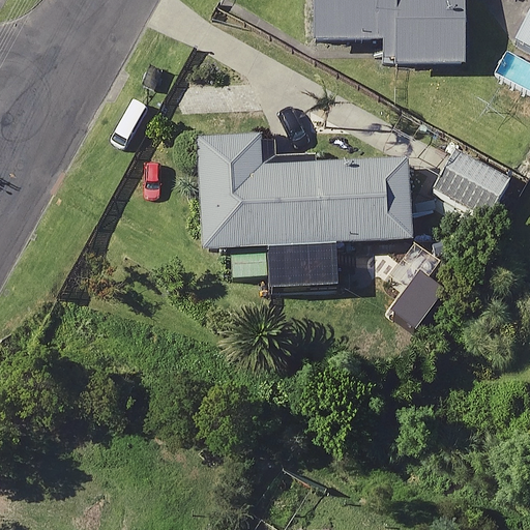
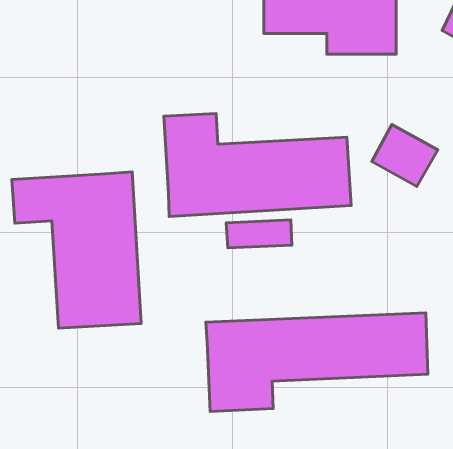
building: none -> [12,172,141,328]
building: none -> [206,313,428,411]

